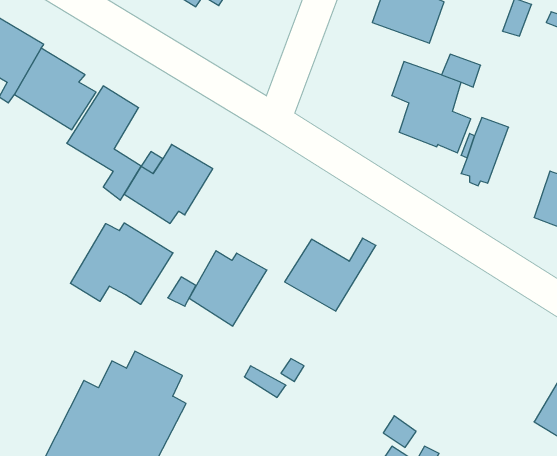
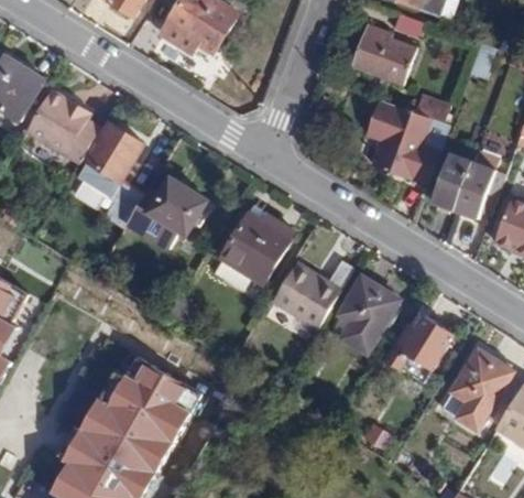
building: none -> [457,161,503,223]
building: [70,223,173,304] -> none
building: [189,251,267,326] -> [225,213,295,281]
building: none -> [330,277,399,351]
building: none -> [390,315,452,369]
building: none -> [443,348,513,429]

